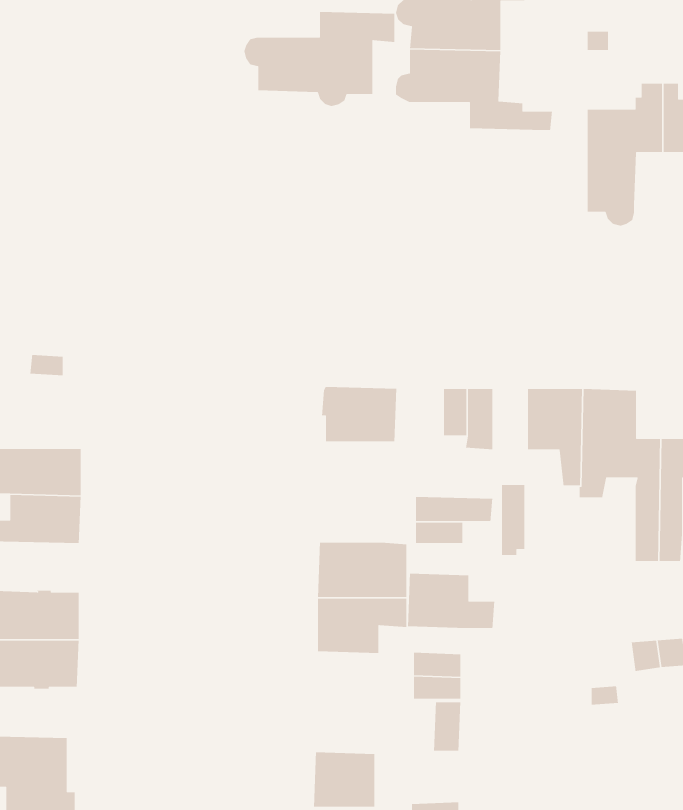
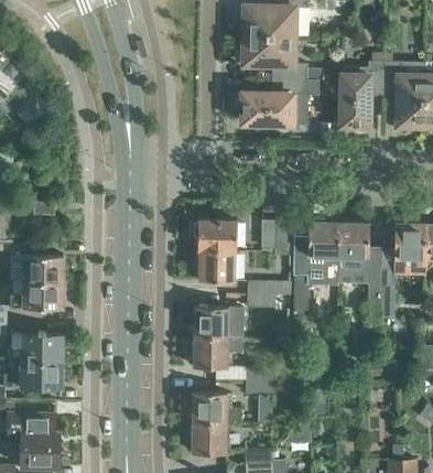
building: [243,11,395,107] -> [235,78,318,131]
building: none -> [198,251,234,281]
building: [407,573,495,629] -> [192,393,240,423]

